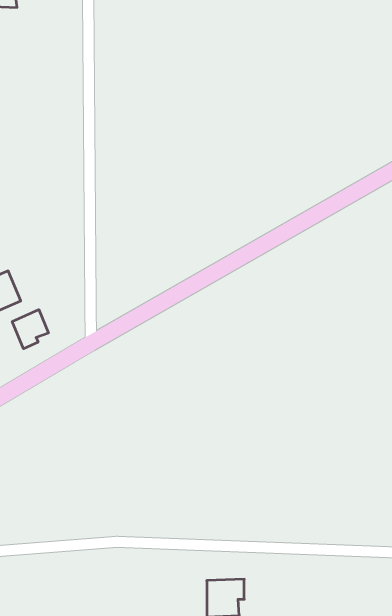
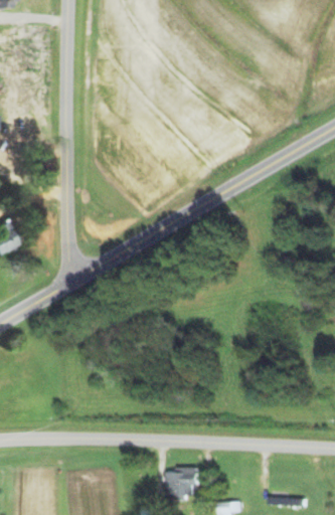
building: [12,310,48,349] -> none

